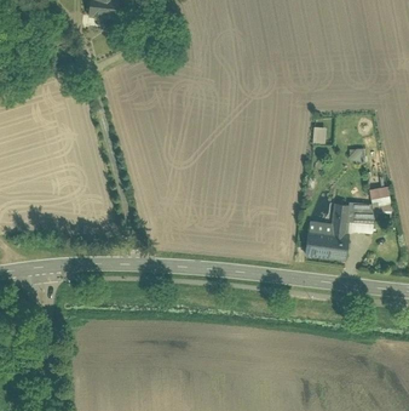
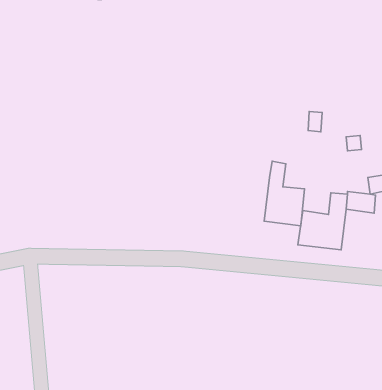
building: none -> [264,161,305,226]

